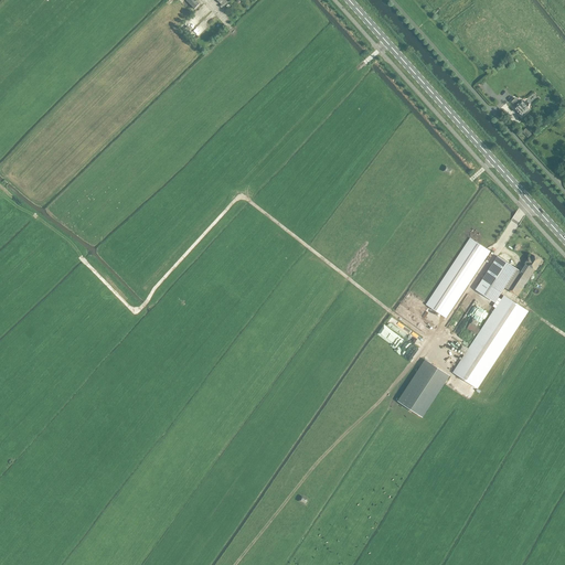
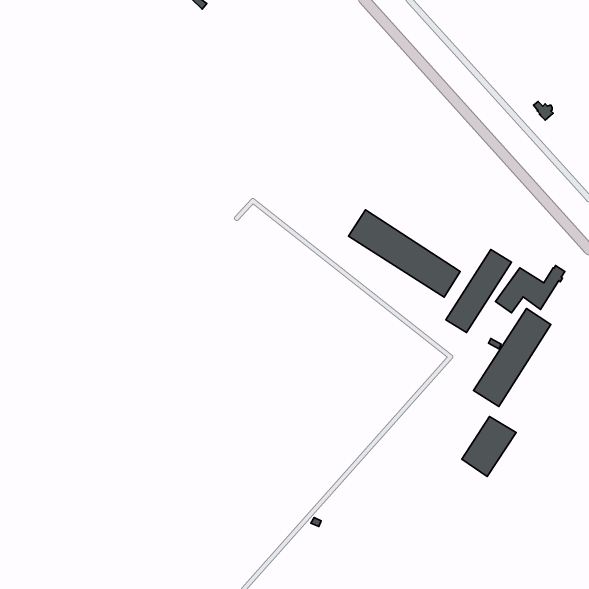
building: none -> [348,210,460,297]
building: [397,359,449,416] -> [462,416,516,476]

